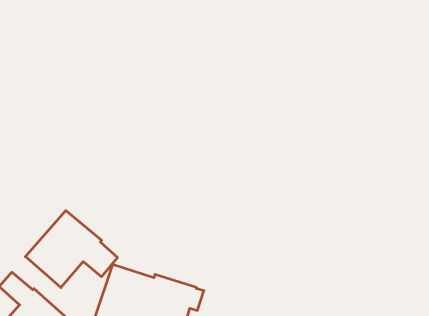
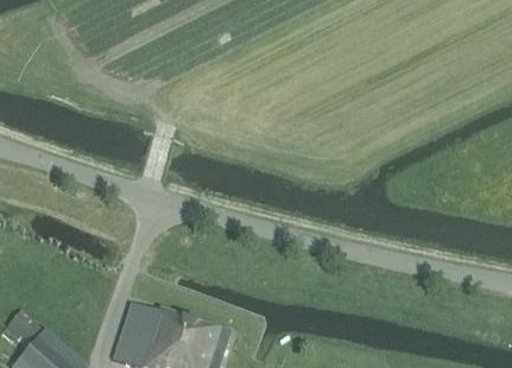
building: [25,211,117,288] -> none

